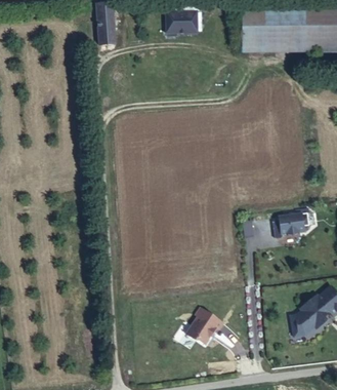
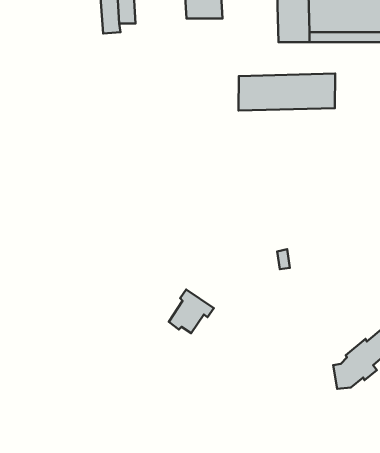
building: none -> [239,74,335,110]
building: [278,213,308,235] -> none
building: [184,307,221,343] -> [169,290,214,333]

